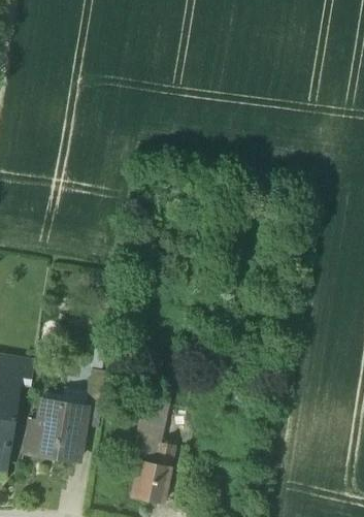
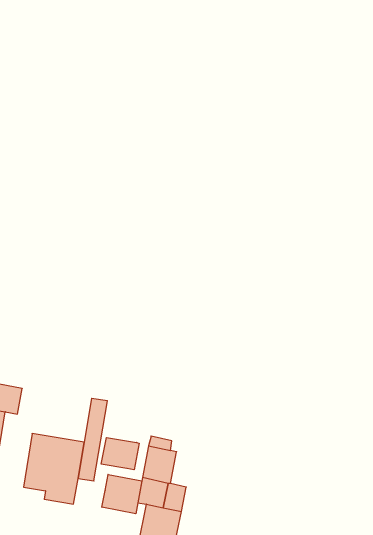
building: none -> [101,438,139,470]
building: none -> [102,474,142,514]

